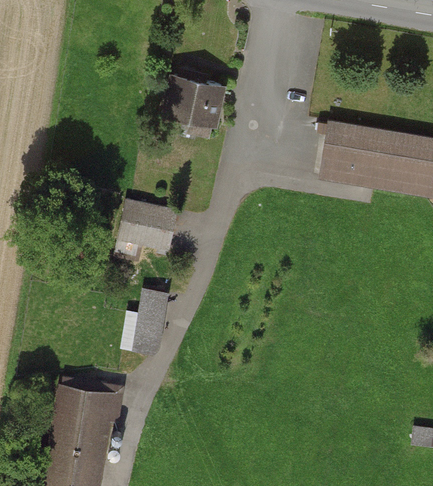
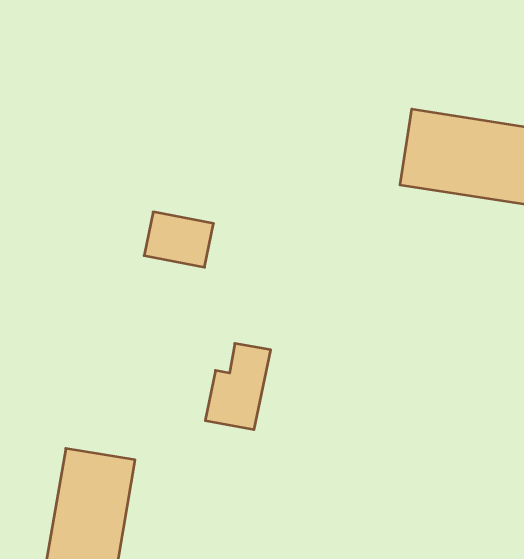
building: [167,77,223,125] -> none
building: [121,285,172,352] -> [205,343,271,430]

